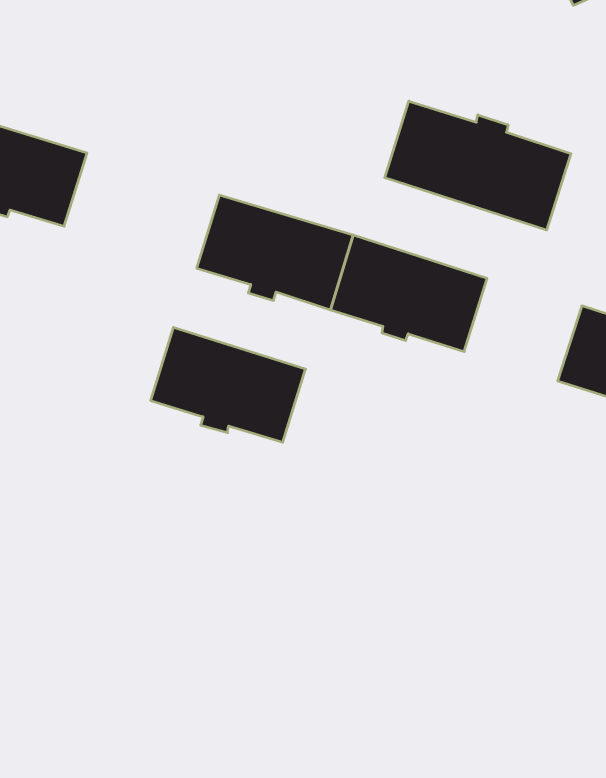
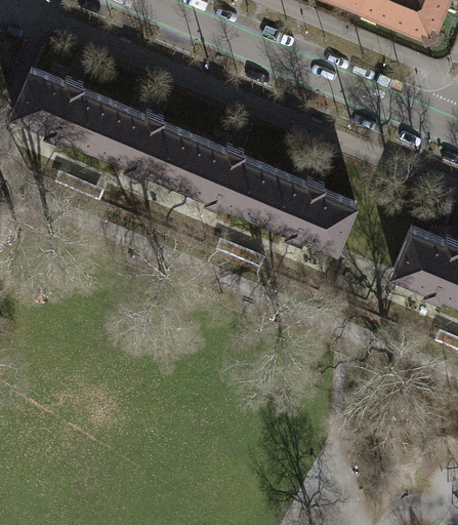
building: [385,101,571,230] -> none
building: [151,327,306,442] -> [93,105,192,183]

